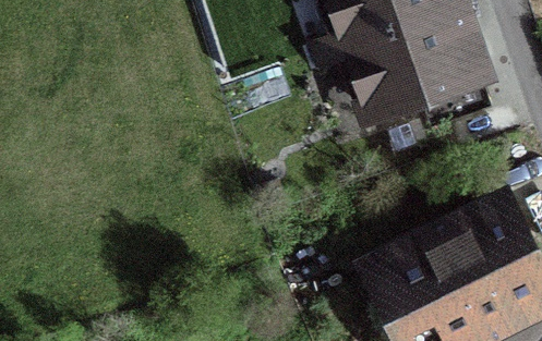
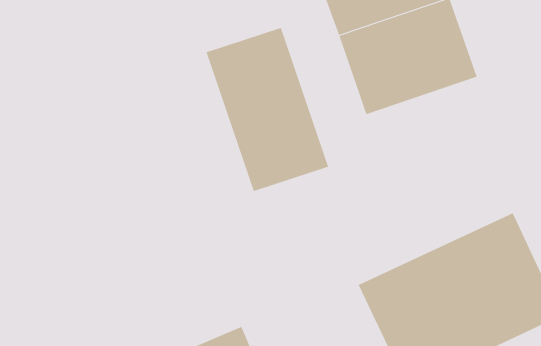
building: none -> [206,27,329,192]

